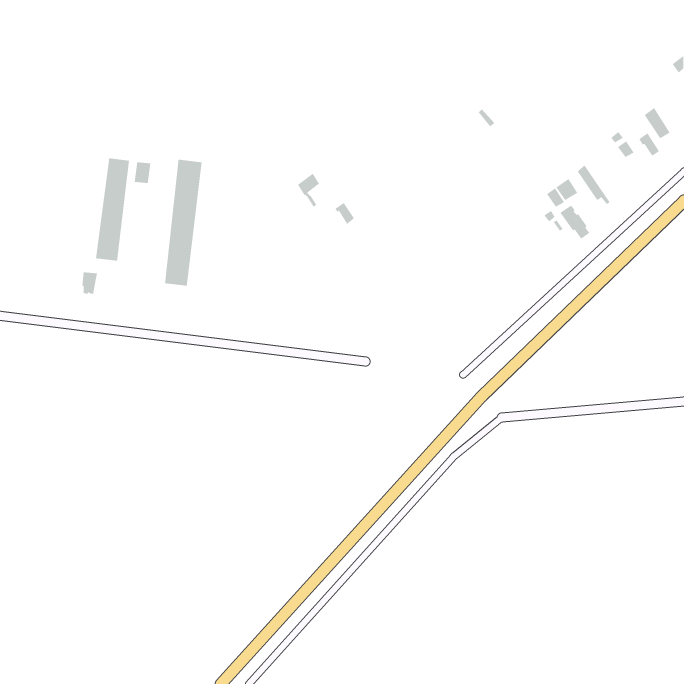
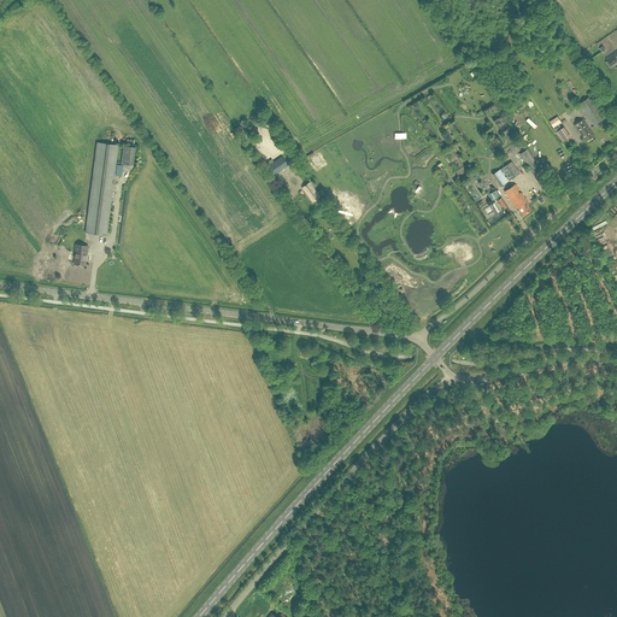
building: [164,159,202,287] -> none

